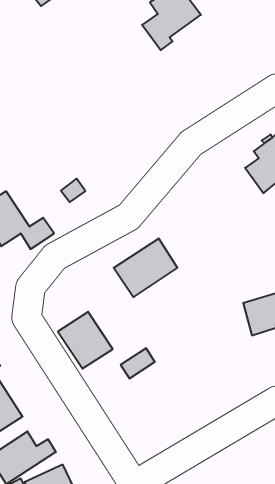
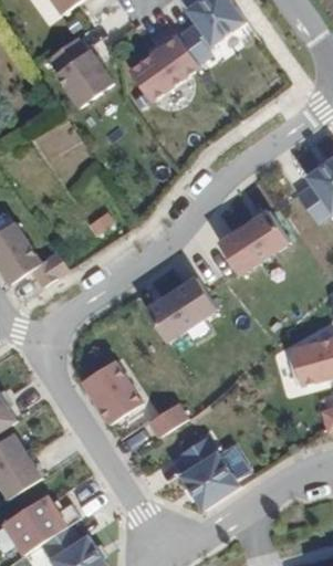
building: none -> [127,35,199,102]
building: none -> [48,38,113,107]
building: none -> [217,210,289,275]
building: none -> [176,436,239,510]

